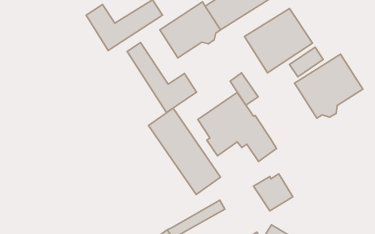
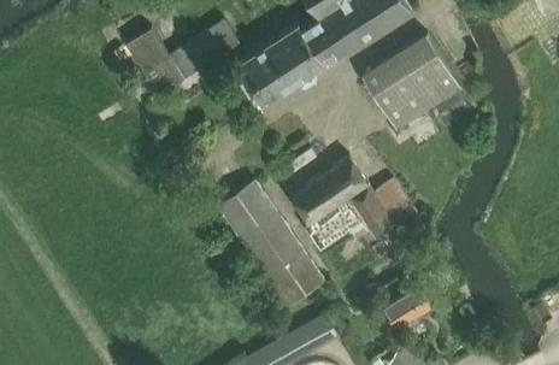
building: [127,43,197,113] -> none
building: [294,54,363,118] -> none
building: [230,73,258,105] -> [376,178,417,225]

